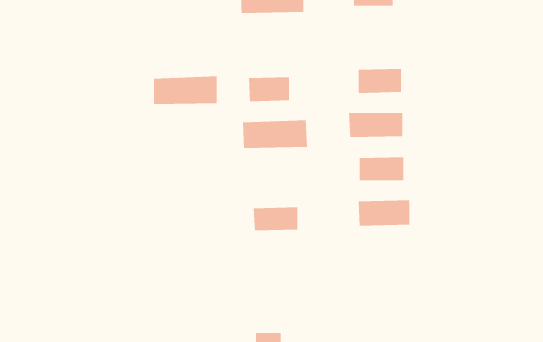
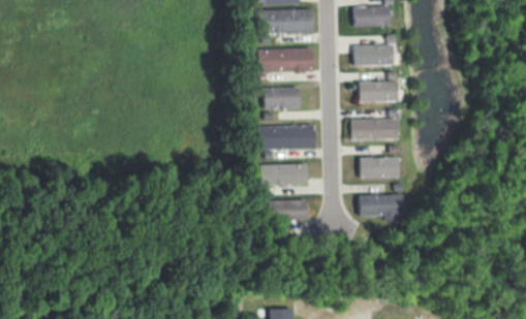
building: none -> [354,44,394,66]
building: [153,76,218,105] -> [257,47,313,72]
building: none -> [259,164,308,186]

